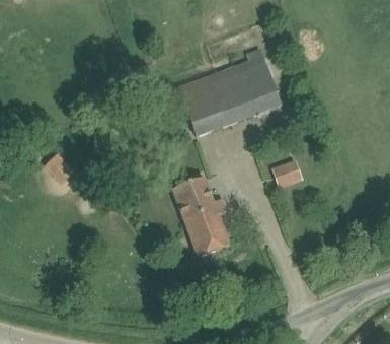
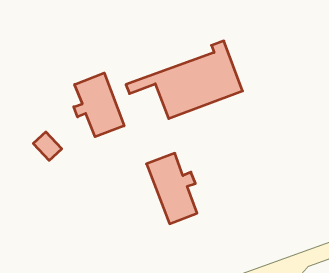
building: none -> [74,73,124,137]
building: [271,159,303,188] -> none

